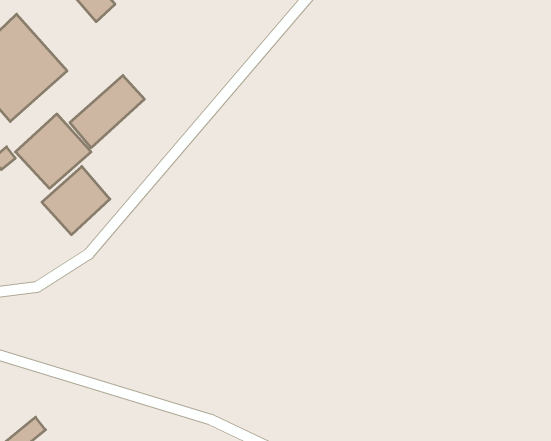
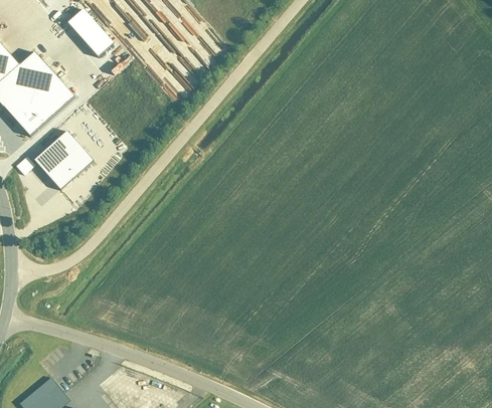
building: [70,75,144,148] -> none
building: [42,166,110,235] -> none

